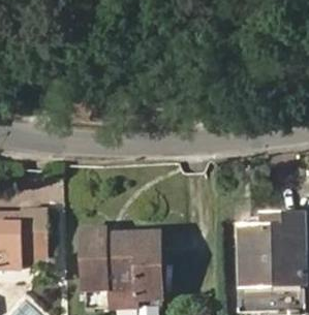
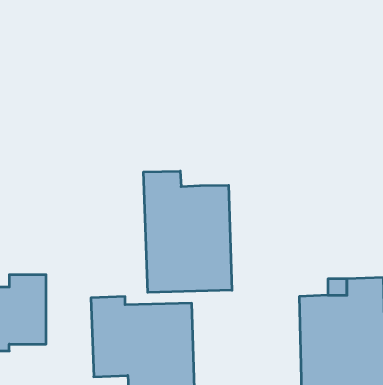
building: none -> [144,171,232,292]

